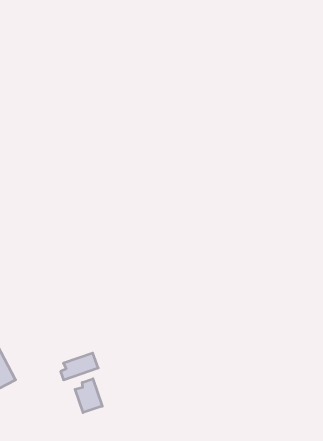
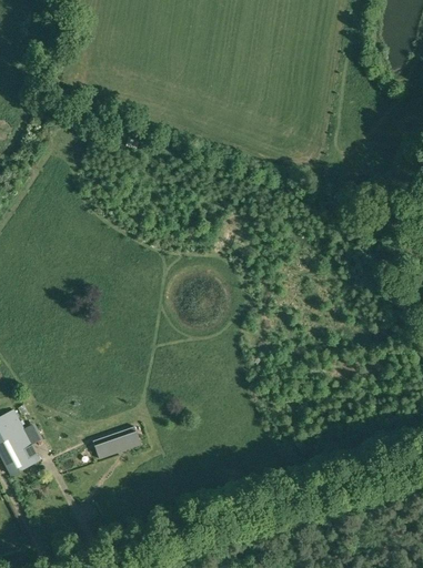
building: [75,379,102,413] -> none

